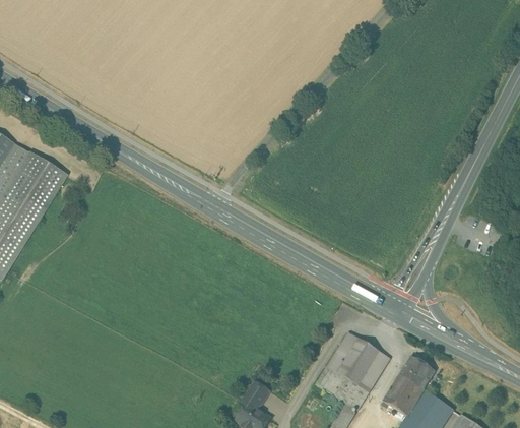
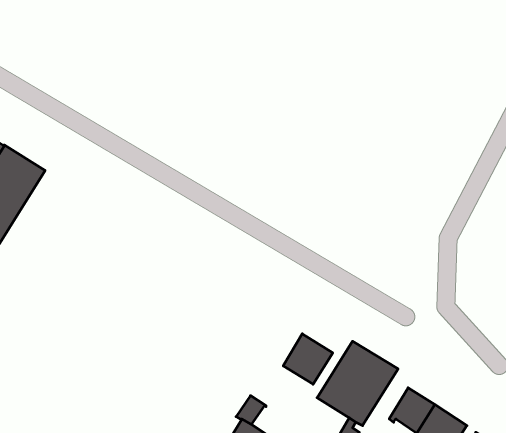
building: none -> [283,334,333,384]
building: [399,355,436,389] -> none

